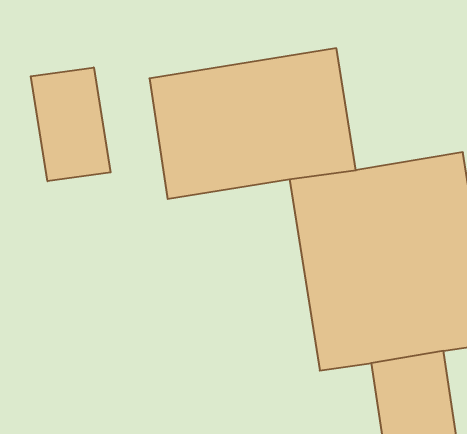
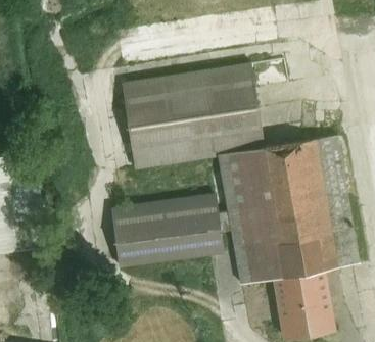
building: [31,67,111,181] -> none
building: none -> [113,193,223,266]

